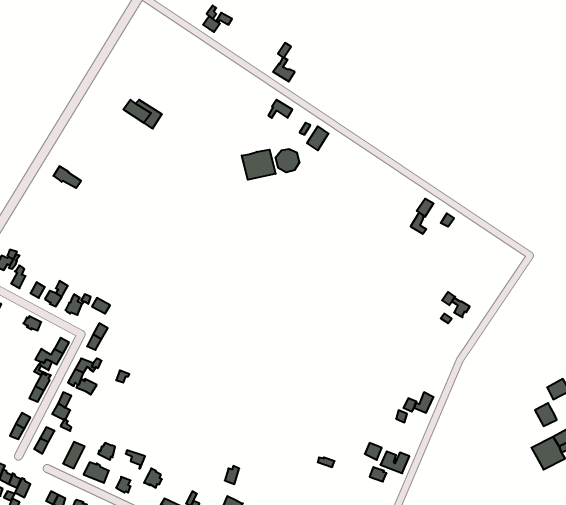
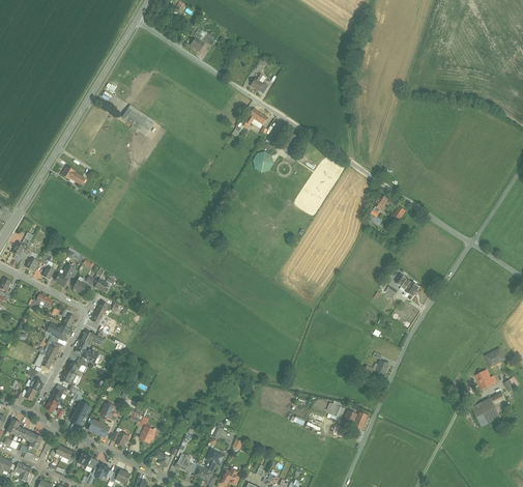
building: [242,150,276,180] -> none

